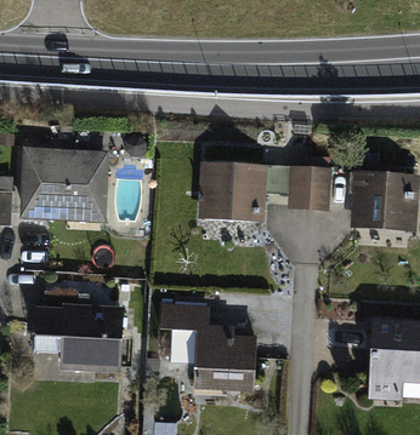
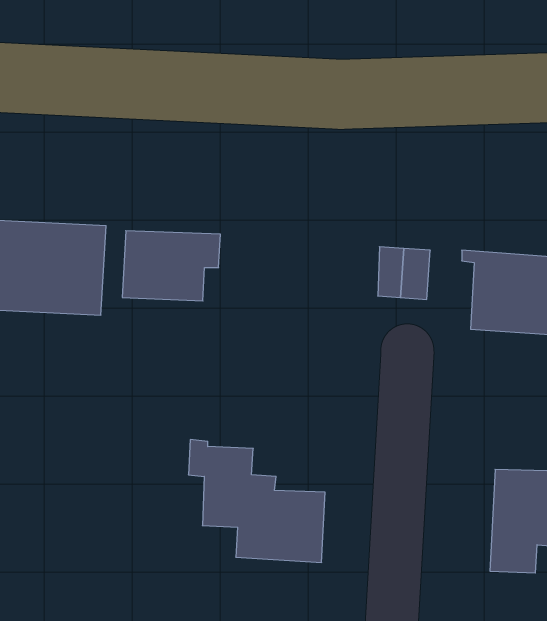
building: [204,166,272,214] -> [122,231,220,301]
building: [36,291,121,367] -> none

